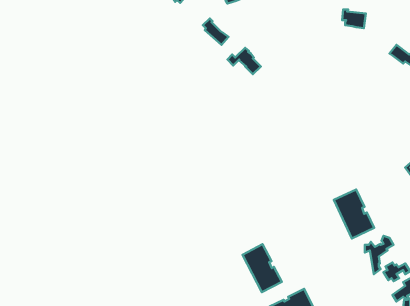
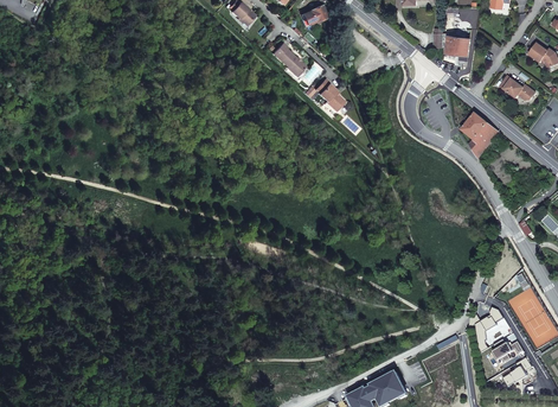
building: none -> [461,113,499,163]
building: [334,189,374,238] -> none
building: [242,244,282,292] -> none

